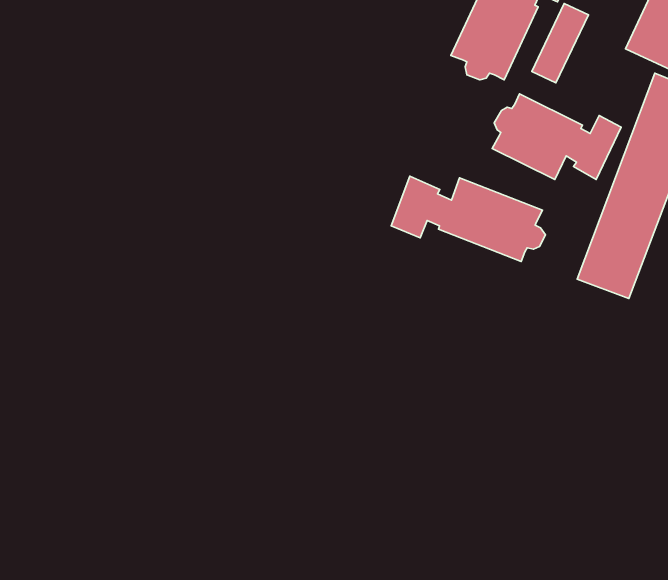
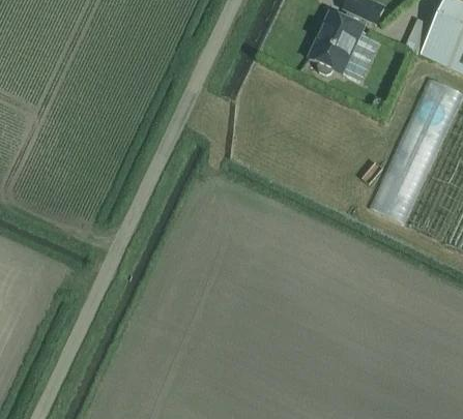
building: [492,94,621,180] -> none
building: [391,176,546,262] -> none

